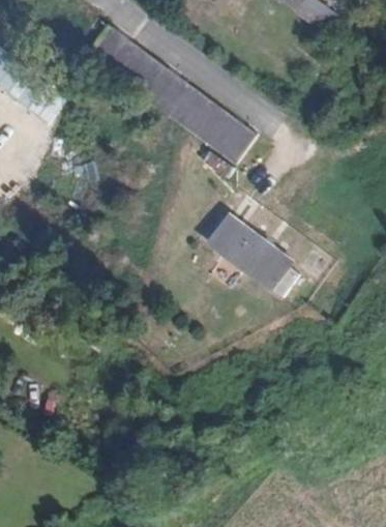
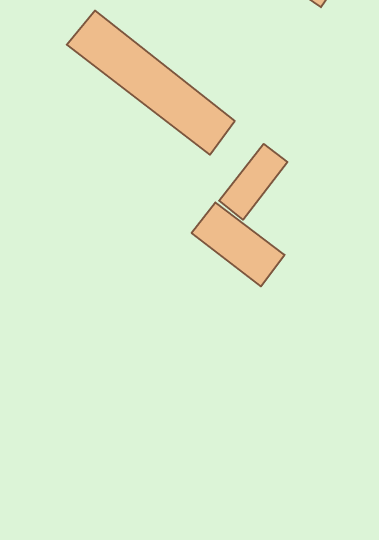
building: none -> [219,144,287,220]

